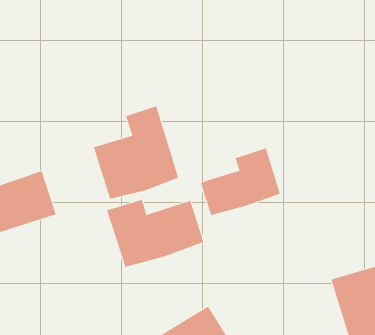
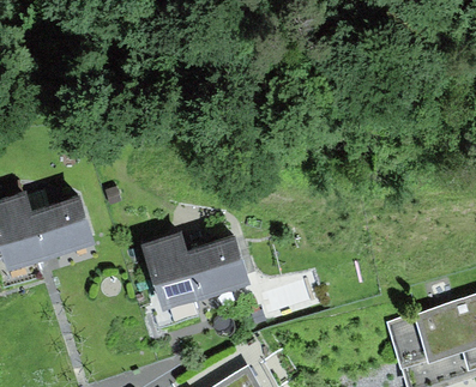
building: [93,105,179,200] -> none
building: [200,148,280,216] -> none

